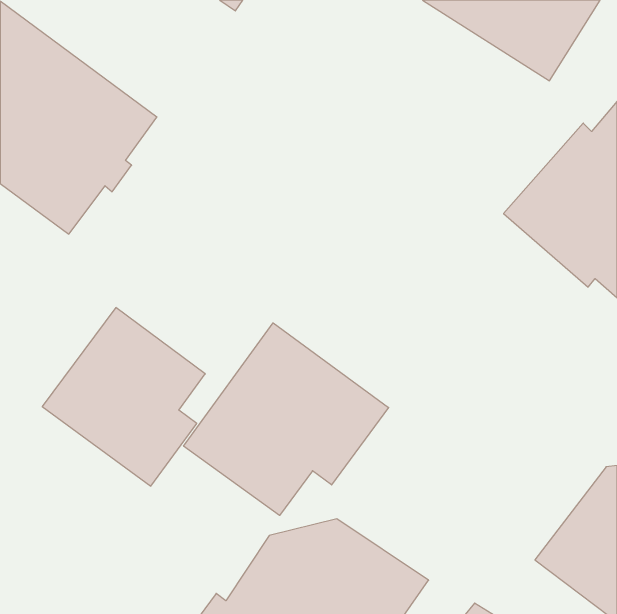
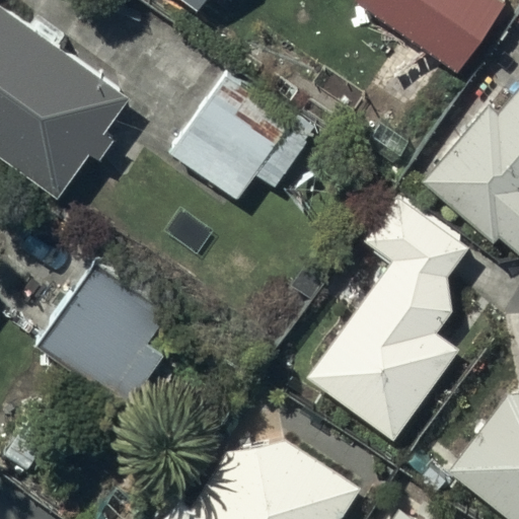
building: none -> [169,72,305,199]
building: none -> [308,194,469,440]
building: [184,323,389,515] -> none

